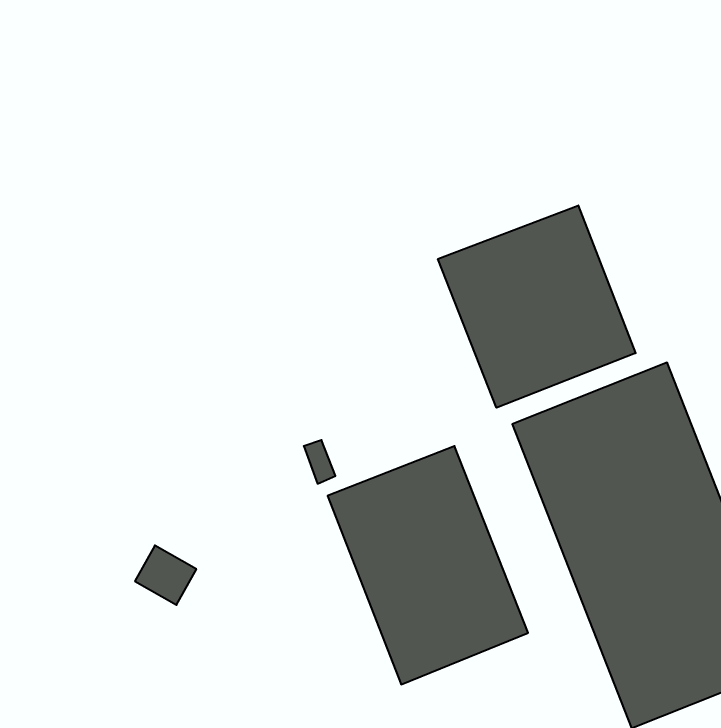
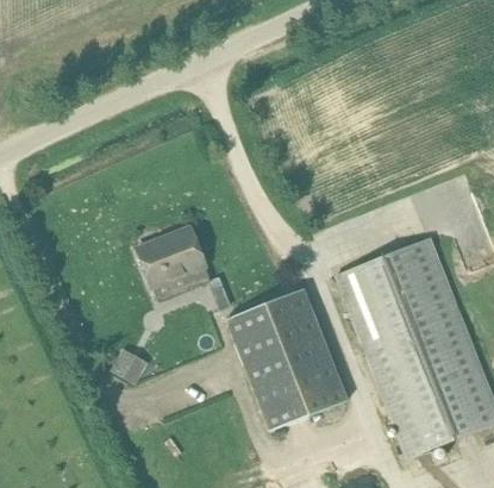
building: [438,205,636,408] -> none
building: none -> [138,226,211,301]

